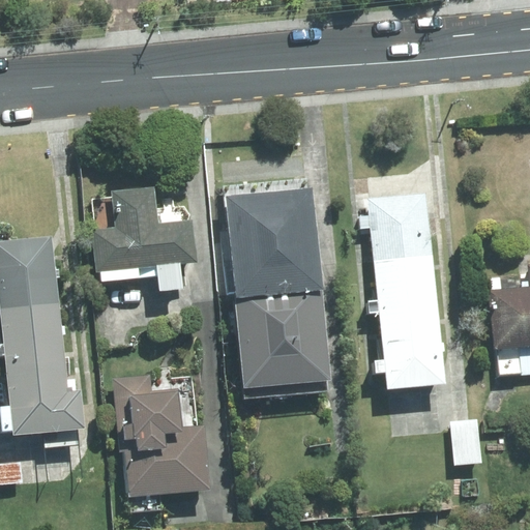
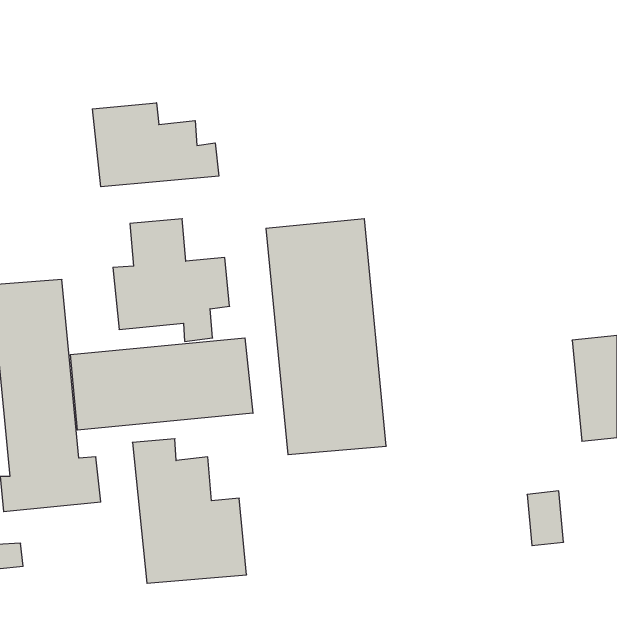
building: none -> [92,103,219,187]
building: [365,194,445,388] -> none
building: none -> [70,338,253,430]

